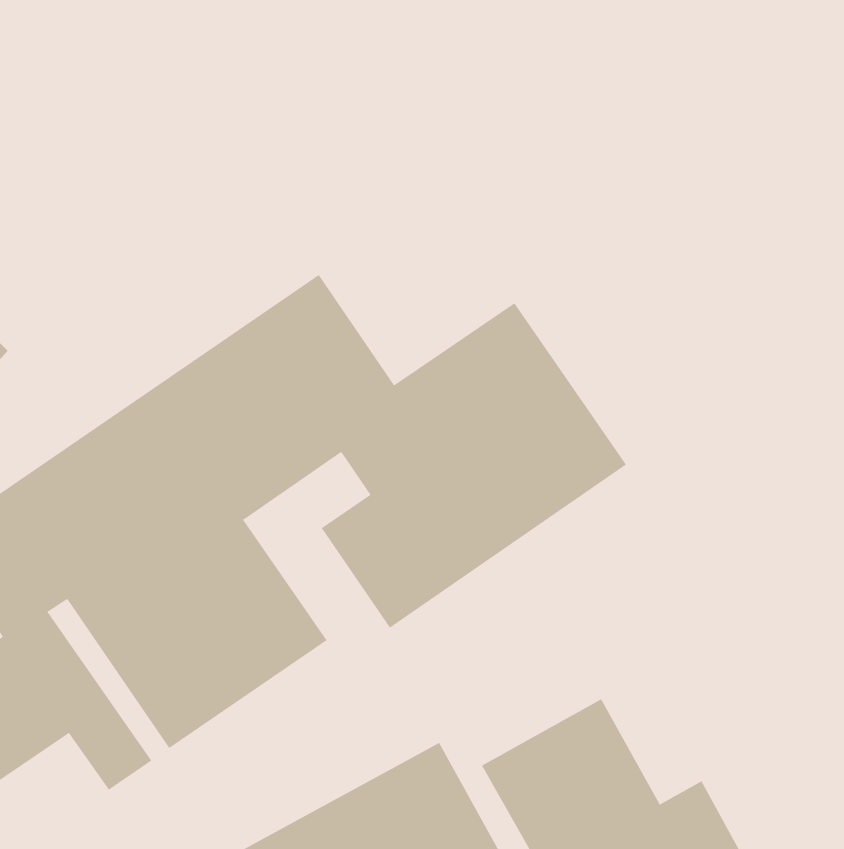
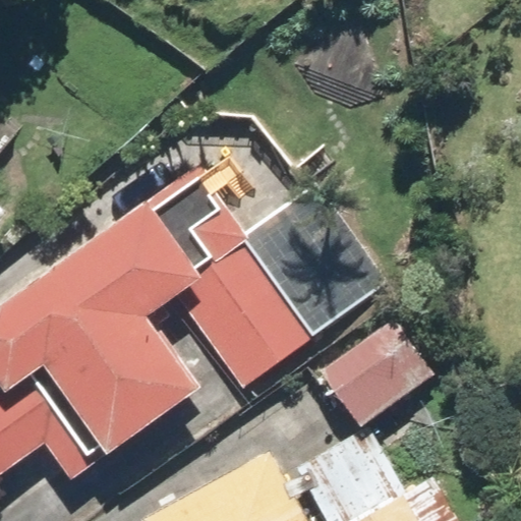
building: none -> [319,322,429,429]

